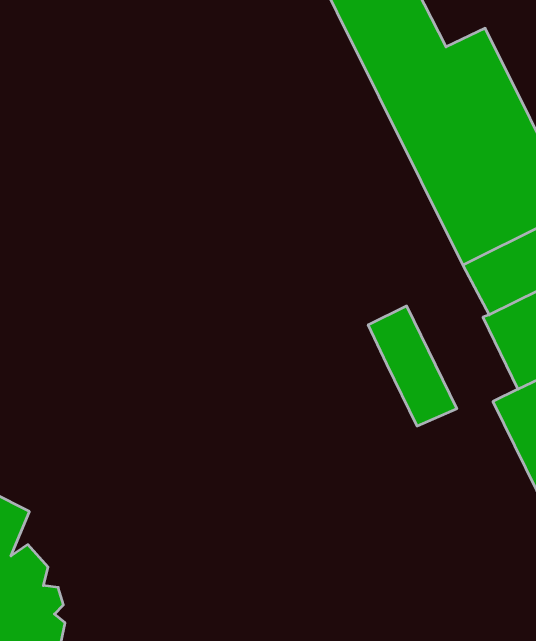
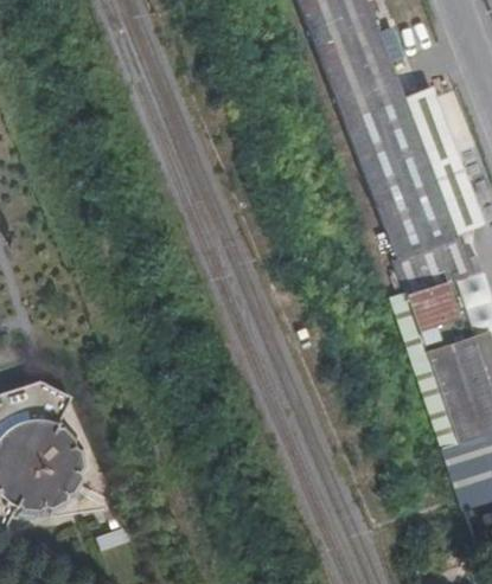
building: [368,306,457,426] -> none

